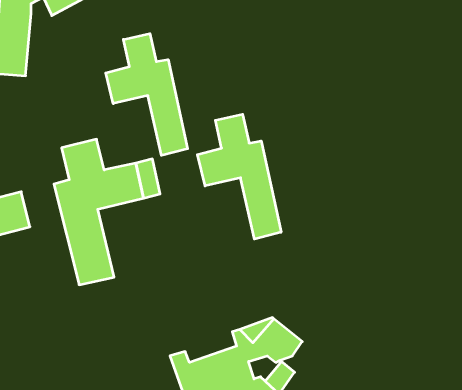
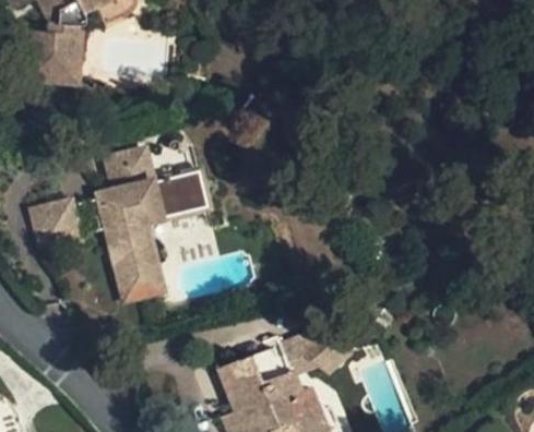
building: [106,34,188,155] -> none
building: [197,114,281,239] -> none

